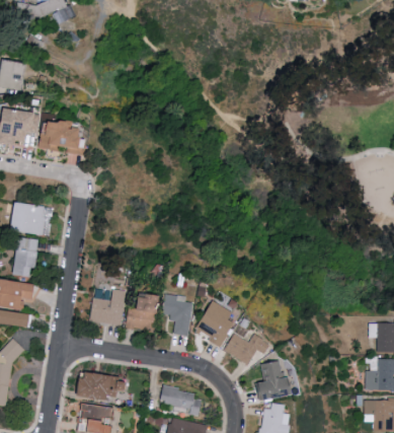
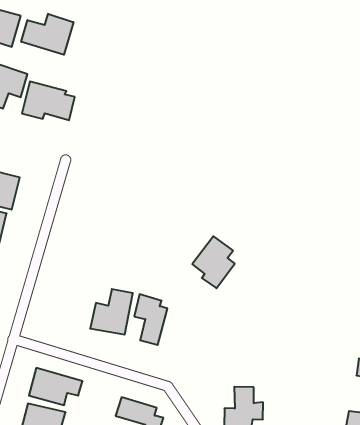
building: none -> [21,14,73,55]
building: [90,288,128,327] -> none
building: [198,301,235,347] -> [192,236,235,288]
building: [225,334,269,364] -> none

